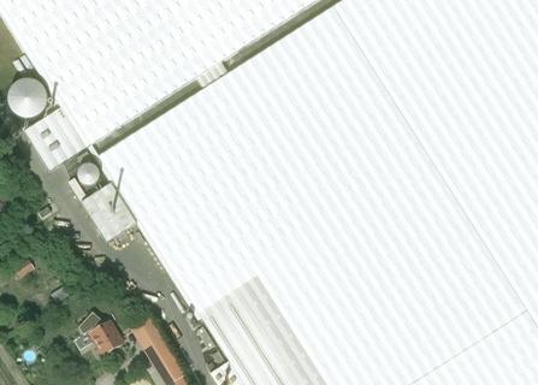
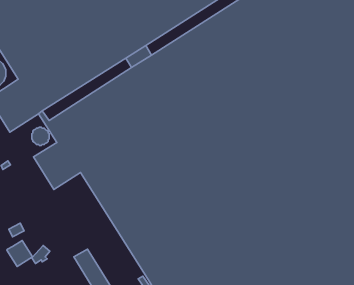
building: [91,320,124,353] -> [7,241,33,267]

